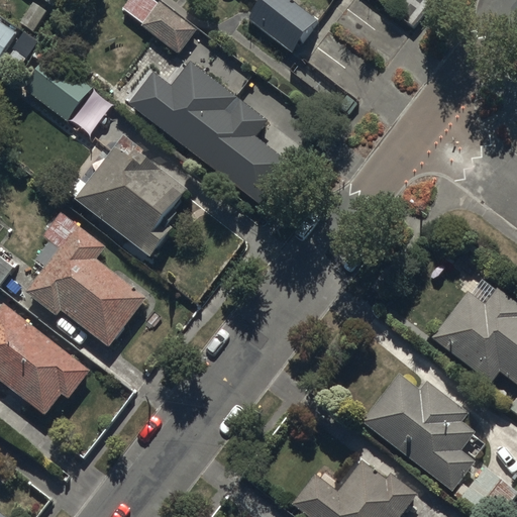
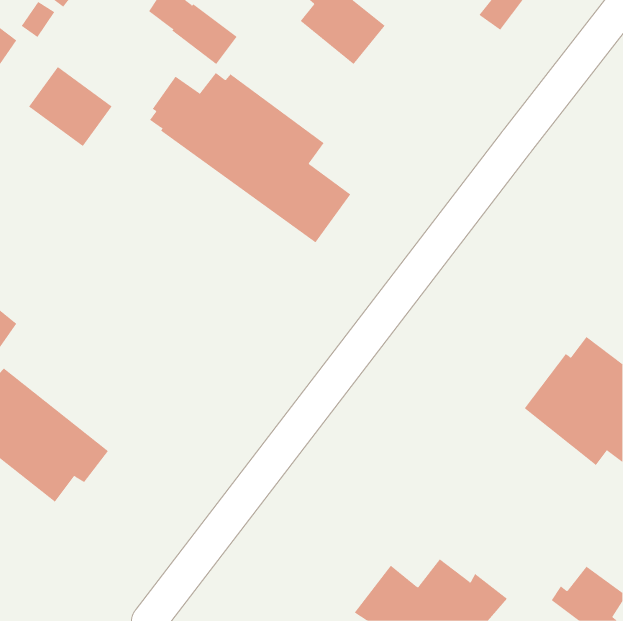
building: [75,134,189,257] -> none
building: [25,213,147,347] -> none
building: [361,374,477,492] -> none

